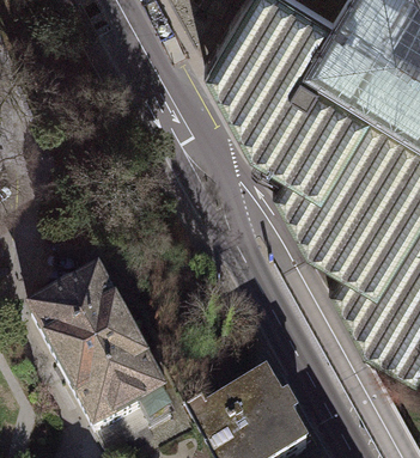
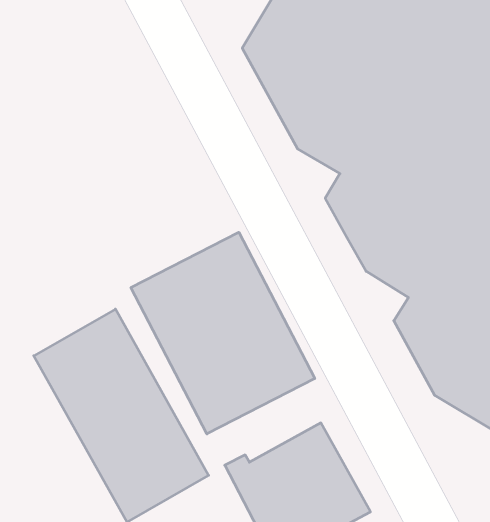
building: none -> [131,232,315,434]

